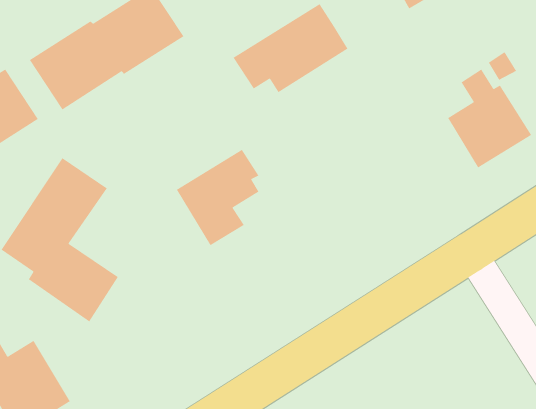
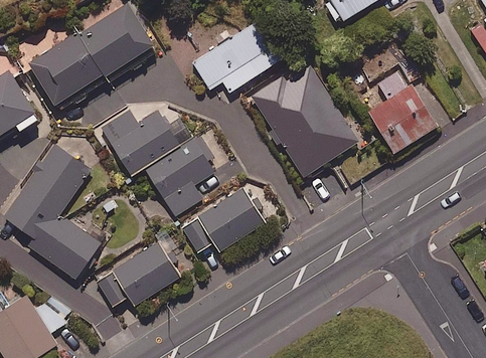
building: none -> [252,63,358,176]
building: none -> [98,109,193,177]
building: none -> [182,188,265,252]
building: none -> [88,241,180,307]

